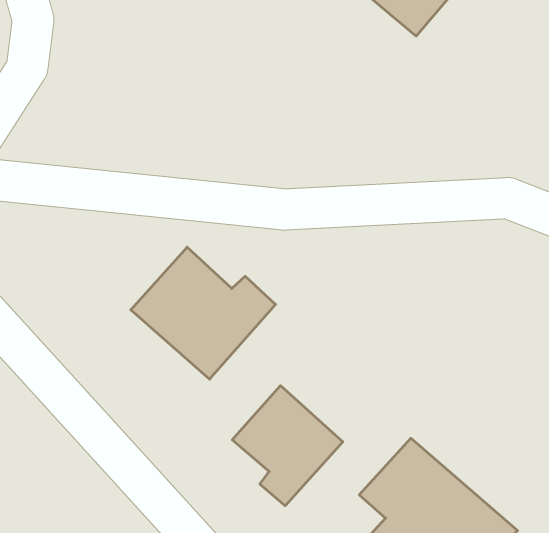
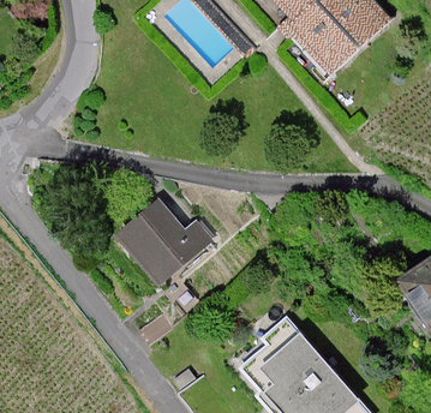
building: [232,386,343,506] -> none

